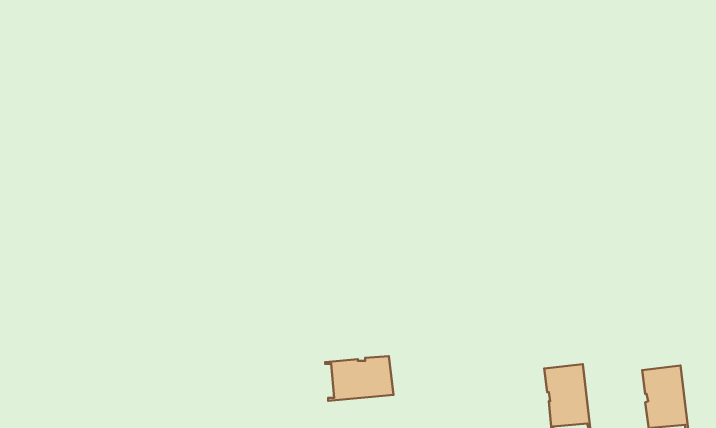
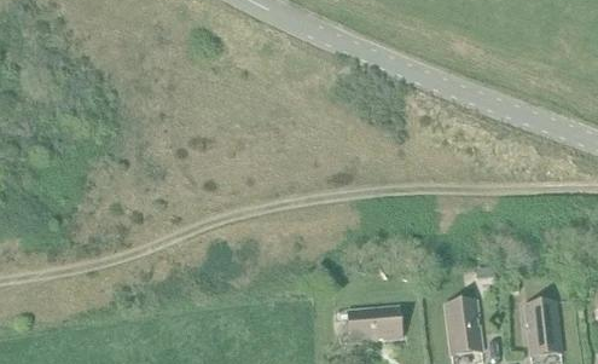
building: [325,356,393,401] -> [347,306,402,342]

